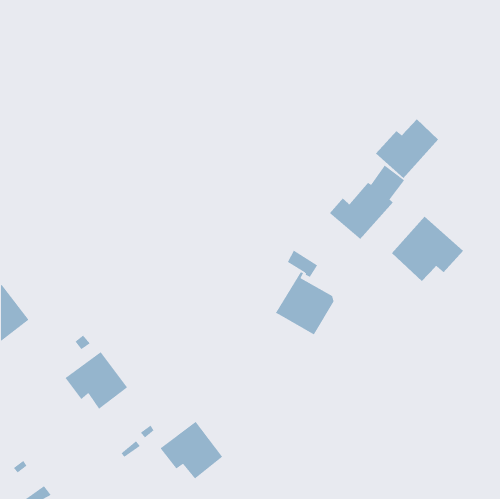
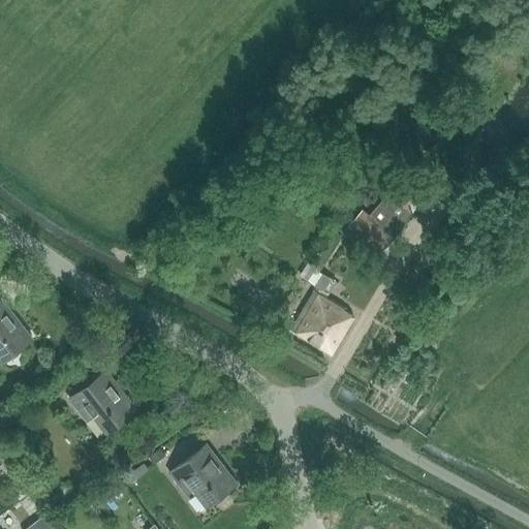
building: [375,119,439,179] -> none
building: [391,216,464,282] -> none

